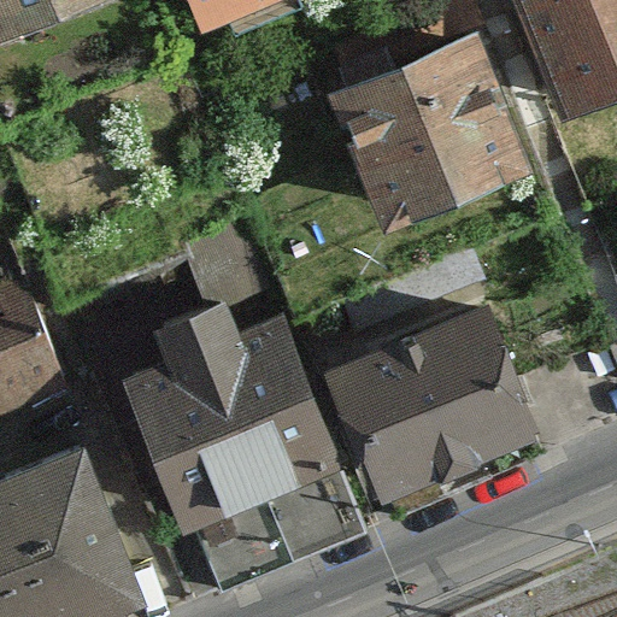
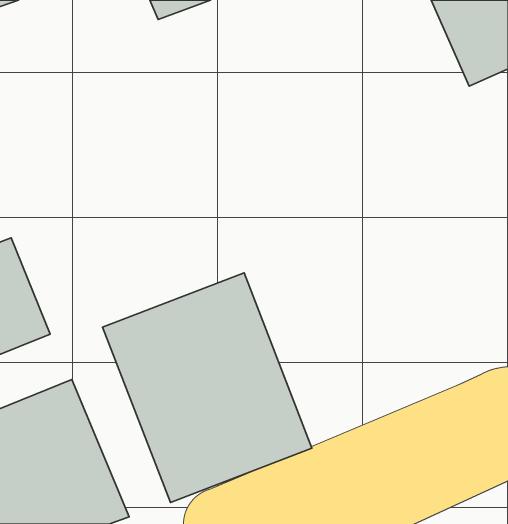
building: [334,37,498,200] -> none
building: [328,308,550,519] -> none

